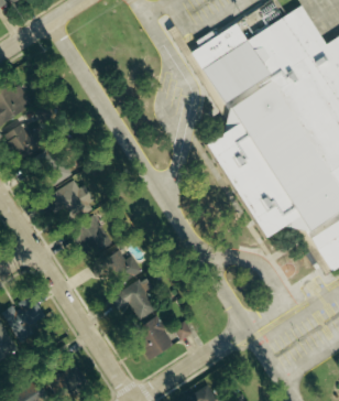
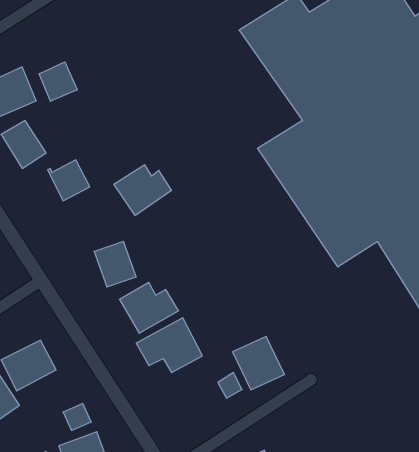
building: none -> [39,62,77,101]
building: [51,180,96,219] -> [114,165,172,215]
building: [133,317,174,359] -> [233,336,285,390]

